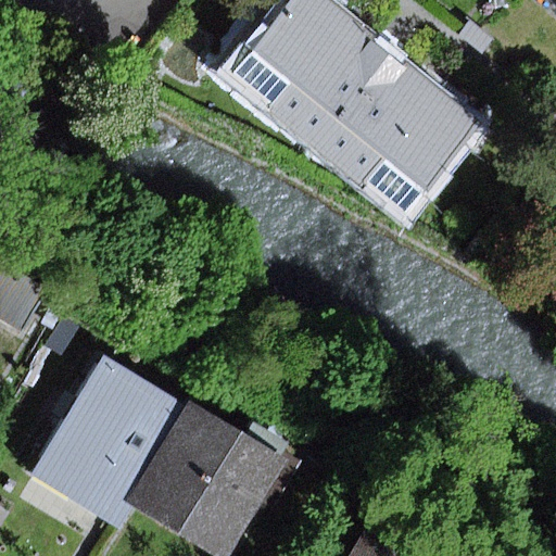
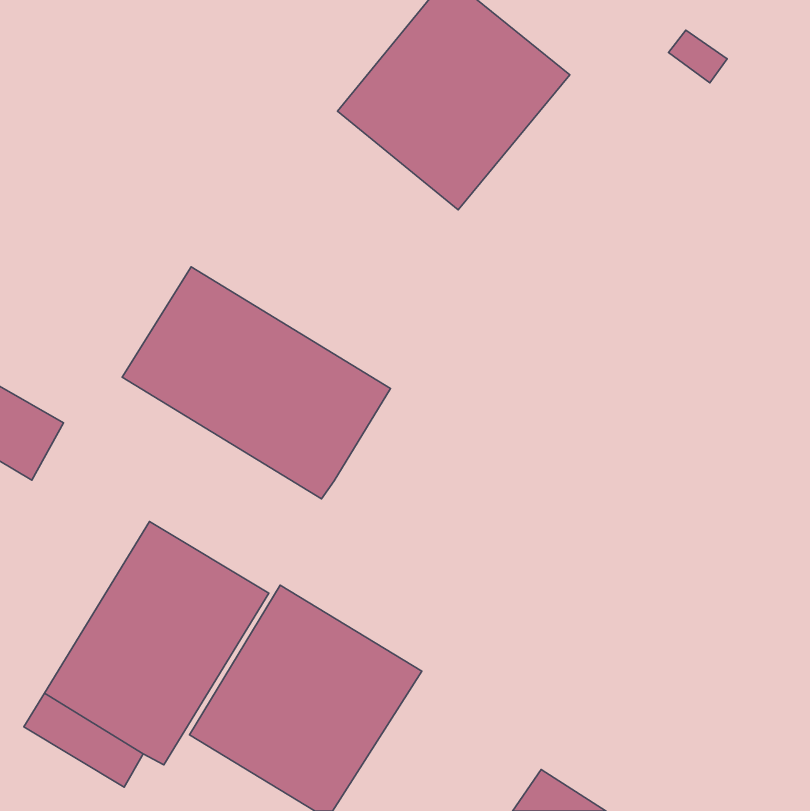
building: [313,51,480,218] -> none
building: none -> [122,267,390,499]

